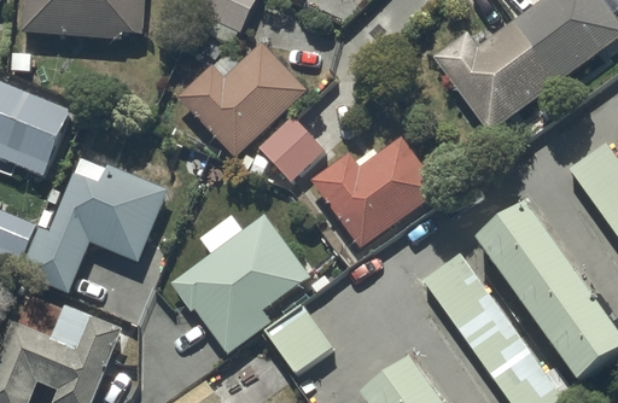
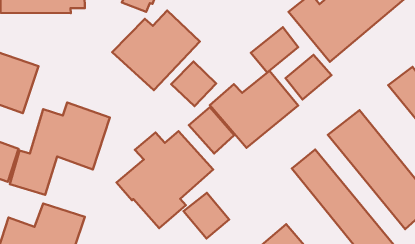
building: none -> [251,27,298,73]
building: none -> [285,55,332,99]
building: none -> [189,107,234,153]

